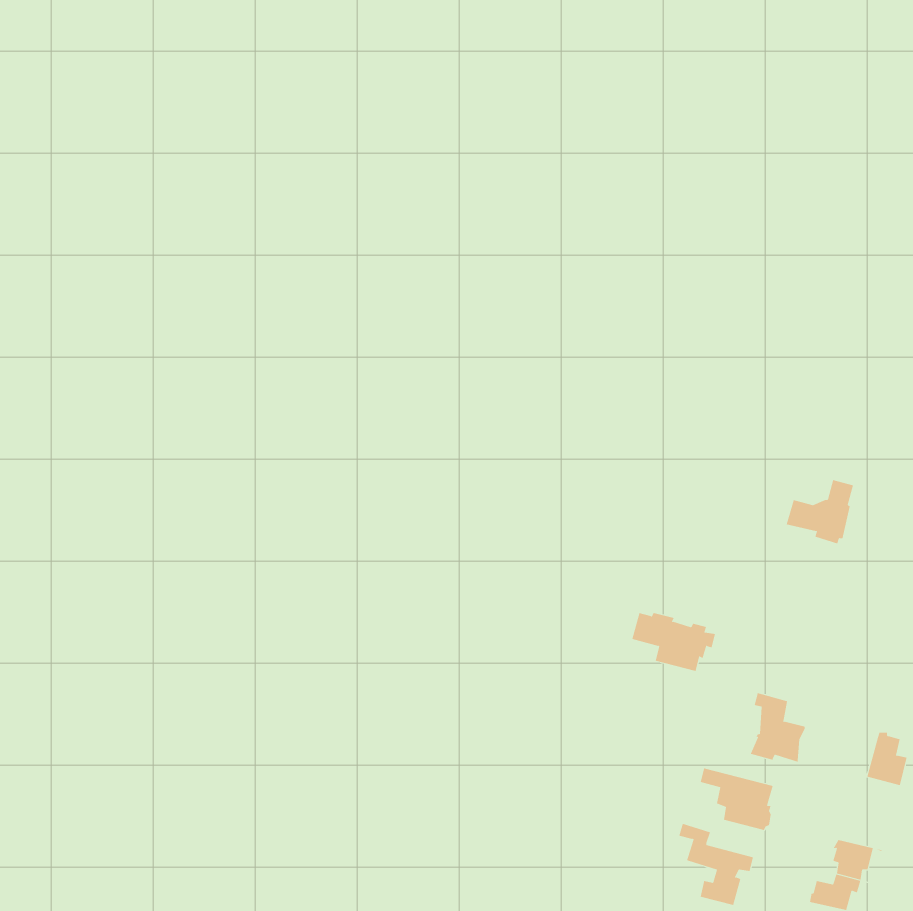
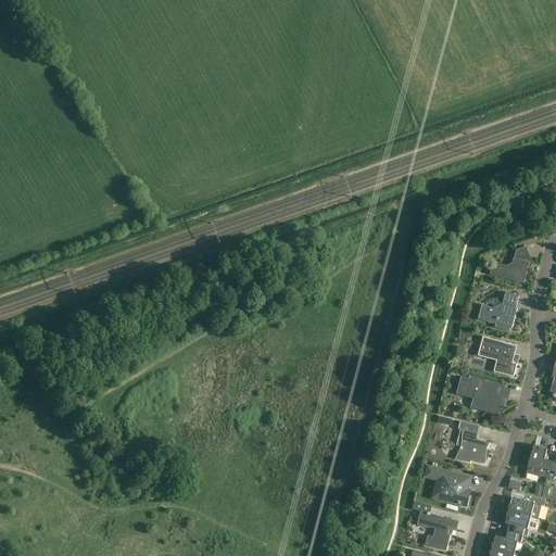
building: none -> [489,245,530,282]
building: none -> [477,336,516,376]
building: [632,612,716,671] -> [457,376,508,412]
building: none -> [508,492,545,517]

